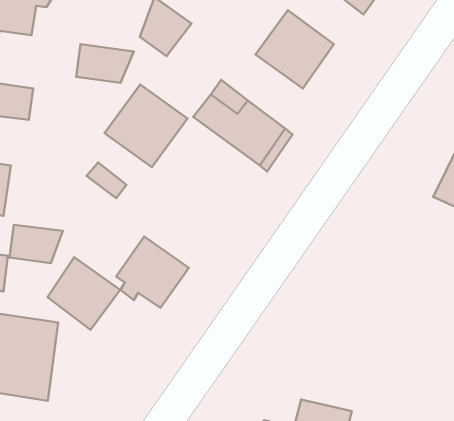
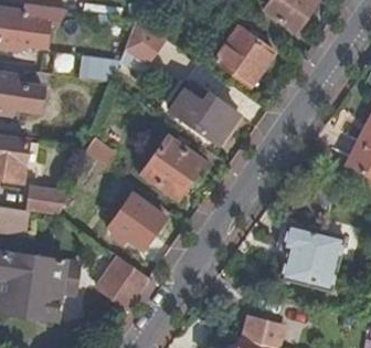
building: [105,84,188,167] -> [141,137,203,199]
building: [48,257,120,330] -> [95,256,149,310]
building: none -> [279,224,342,291]

